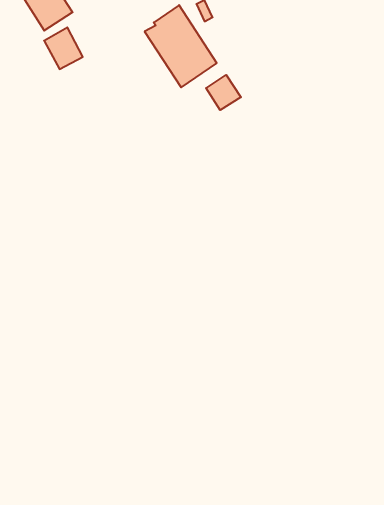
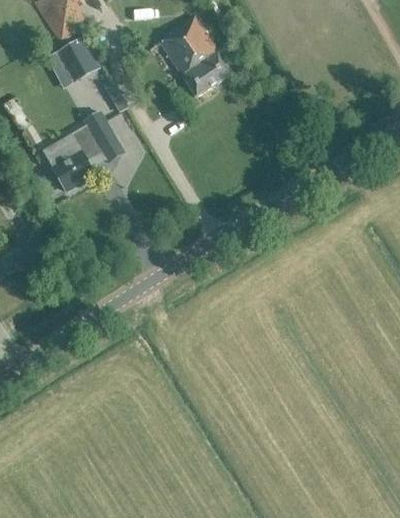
building: [206,75,241,110] -> none
building: none -> [47,112,112,191]

